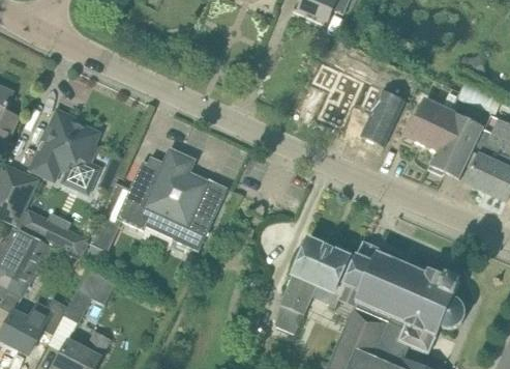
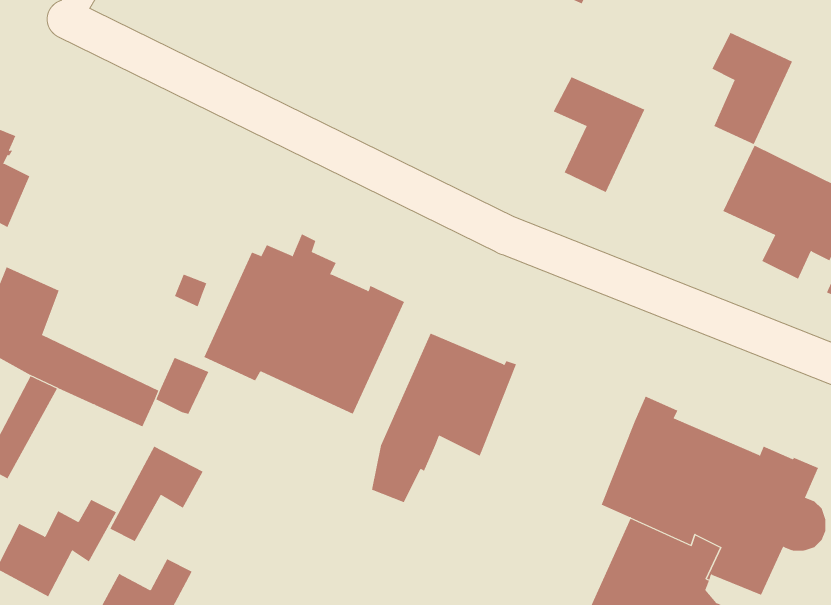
building: [360,83,406,146] -> [712,32,793,145]
building: [32,114,96,191] -> none
building: [6,236,55,295] -> none
building: [275,237,357,333] -> [371,333,517,503]

